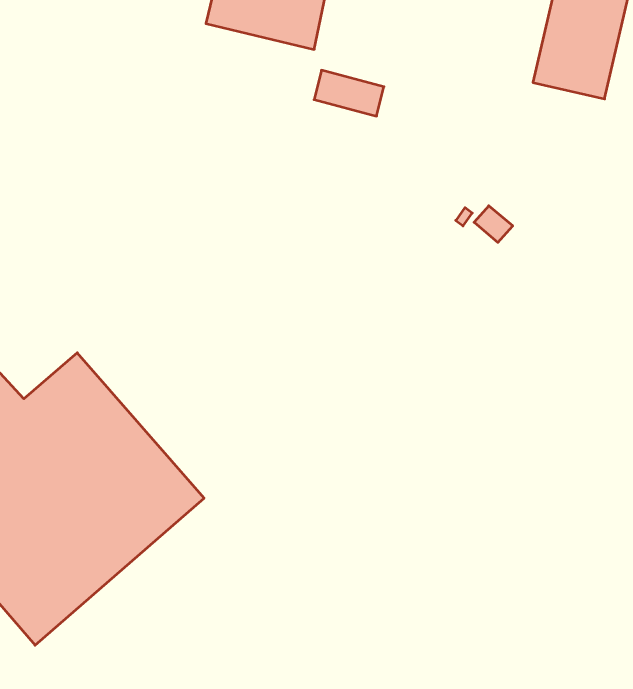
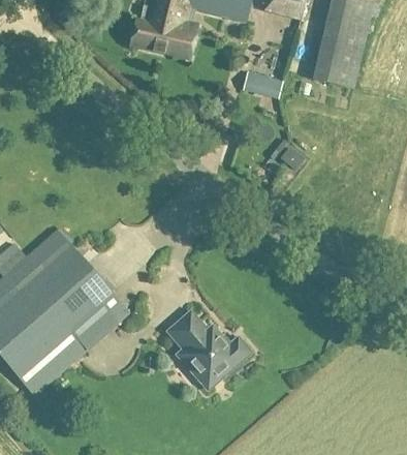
building: [314,70,384,116] -> [242,72,281,98]
building: none -> [169,312,251,388]

